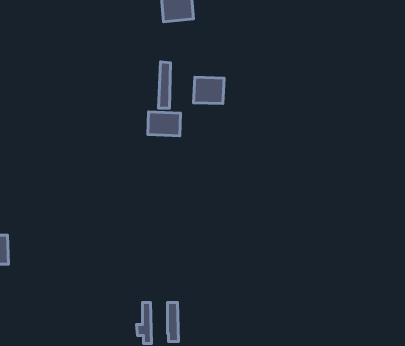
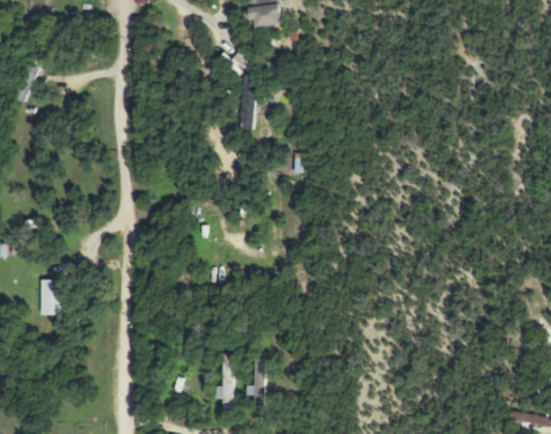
building: [194,77,224,104] -> none
building: [148,112,180,136] -> none

